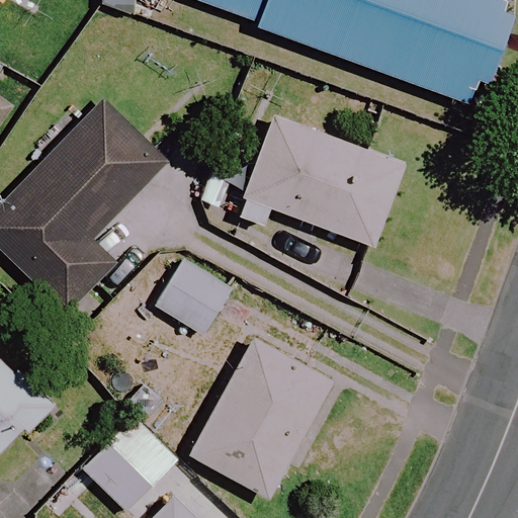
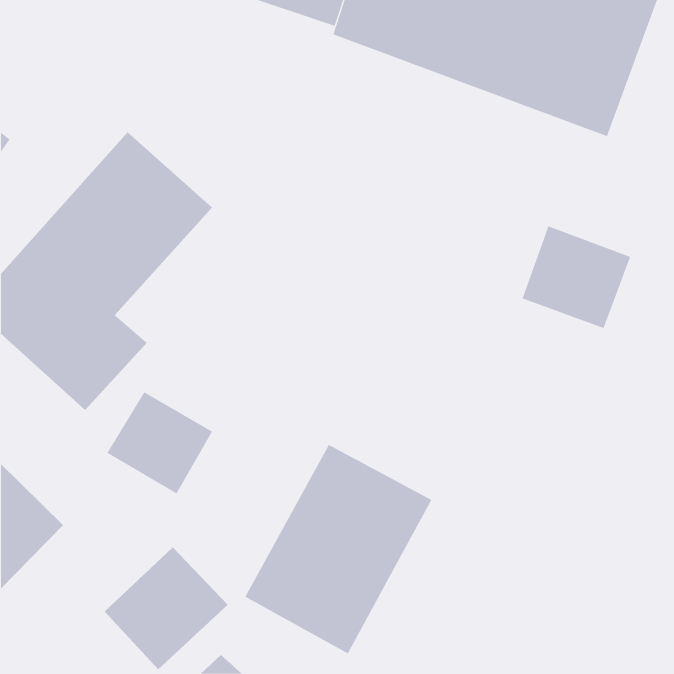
building: [241,114,404,245] -> none
building: none -> [522,226,631,329]
building: [151,256,232,334] -> [106,392,213,494]

